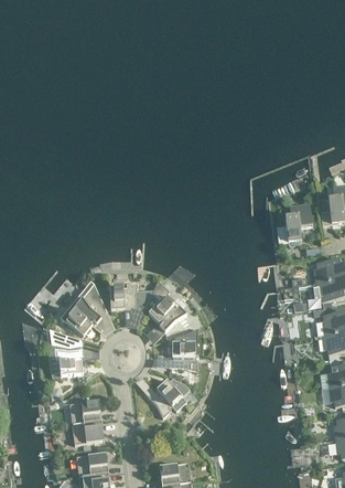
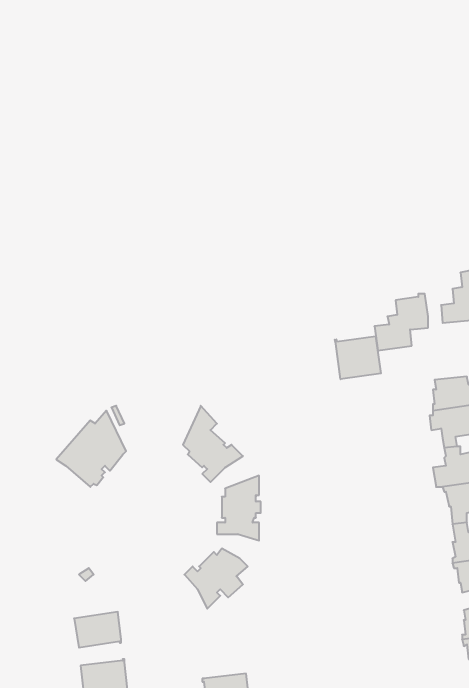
building: none -> [335,336,381,379]
building: [109,284,153,312] -> none
building: [43,329,84,376] -> none
building: [69,401,101,425] -> none

